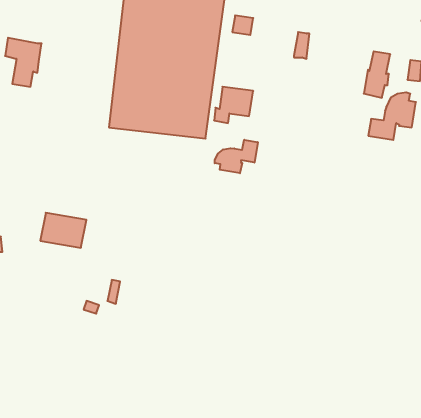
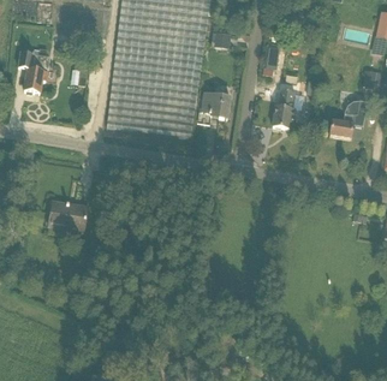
building: [364,51,390,98] -> [273,89,296,129]
building: [215,140,258,173] -> none

